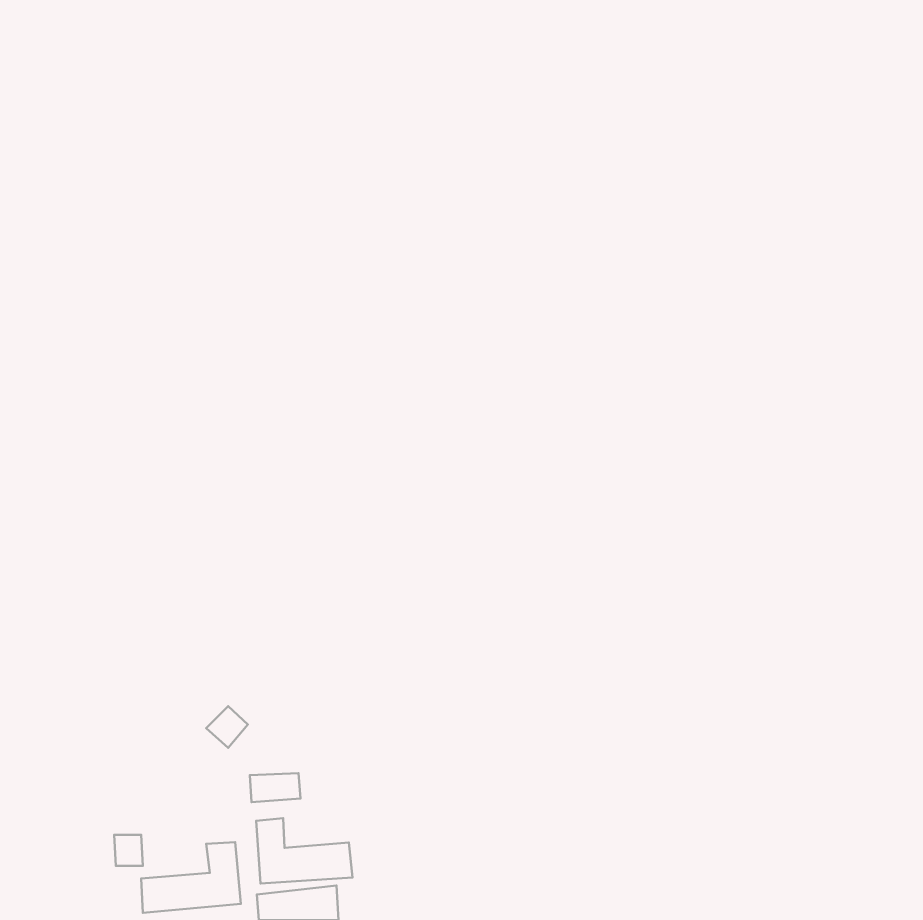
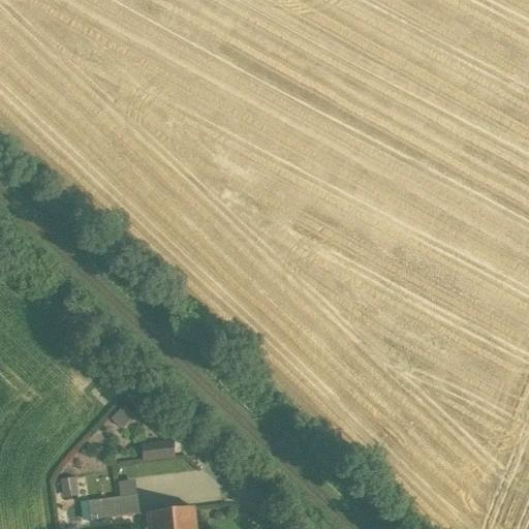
building: [256,818,353,884] -> none

